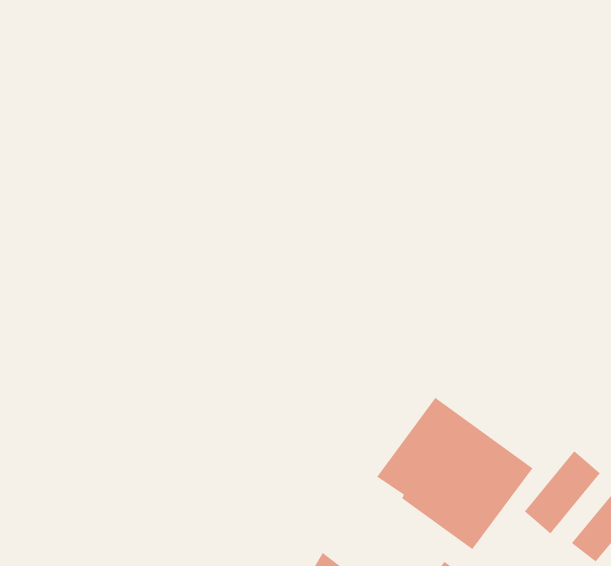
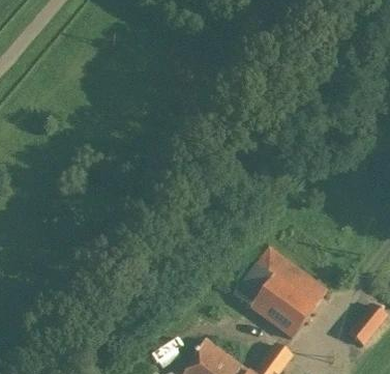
building: [524,450,601,535] -> none

